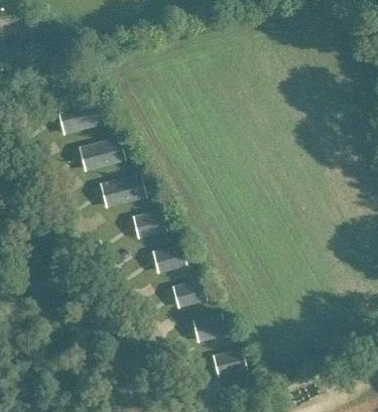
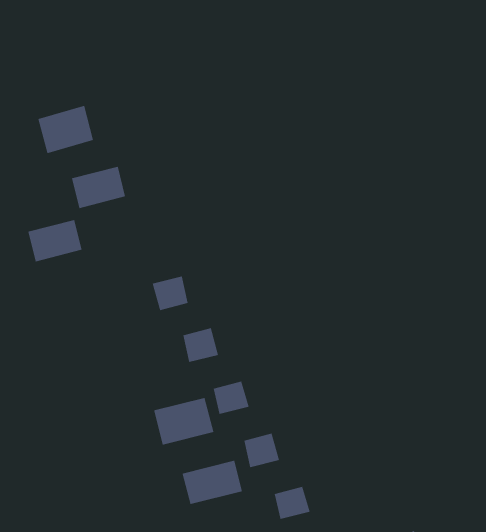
building: [102,177,138,205] -> [28,219,82,262]
building: none -> [153,397,214,445]
building: none -> [182,460,243,505]

